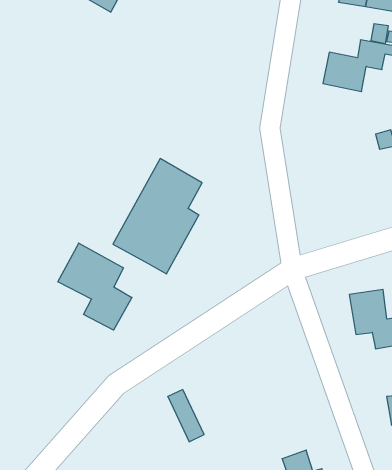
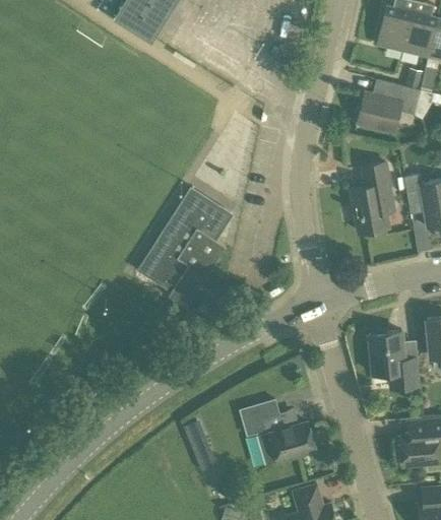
building: none -> [351,165,393,235]
building: [58,243,132,330] -> none
building: none -> [240,399,315,460]

